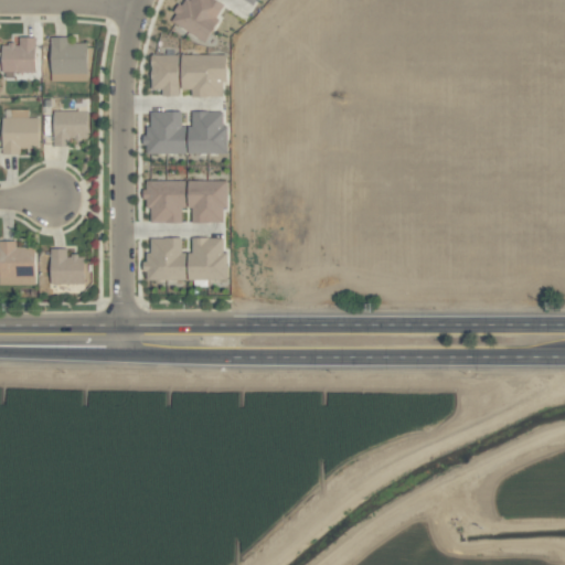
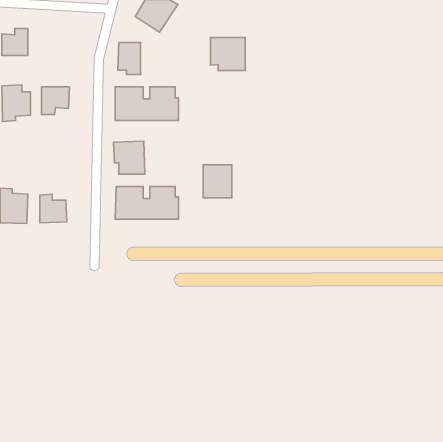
building: [51,36,87,81] -> none
building: [181,54,225,96] -> [211,38,245,71]
building: [189,180,225,222] -> [203,165,232,198]

